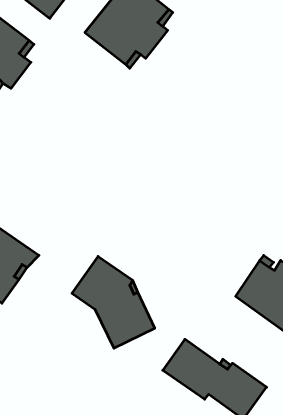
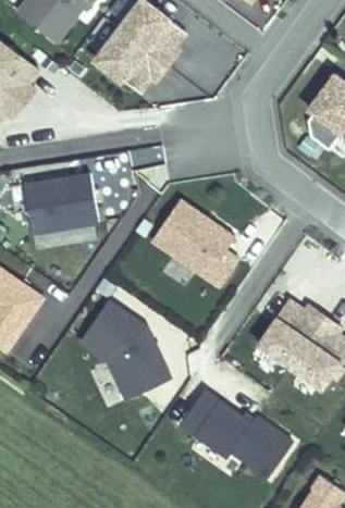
building: none -> [25,171,100,230]
building: none -> [150,200,237,287]

